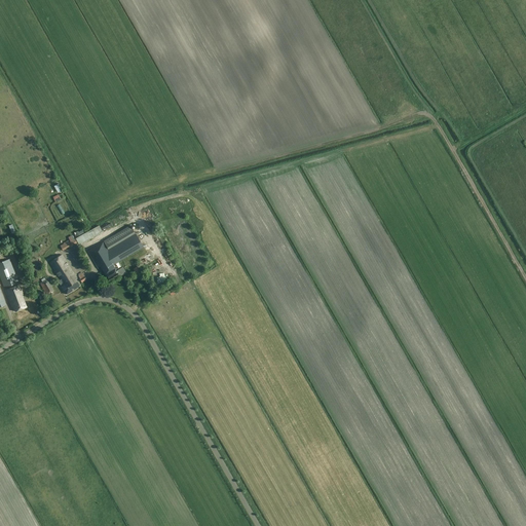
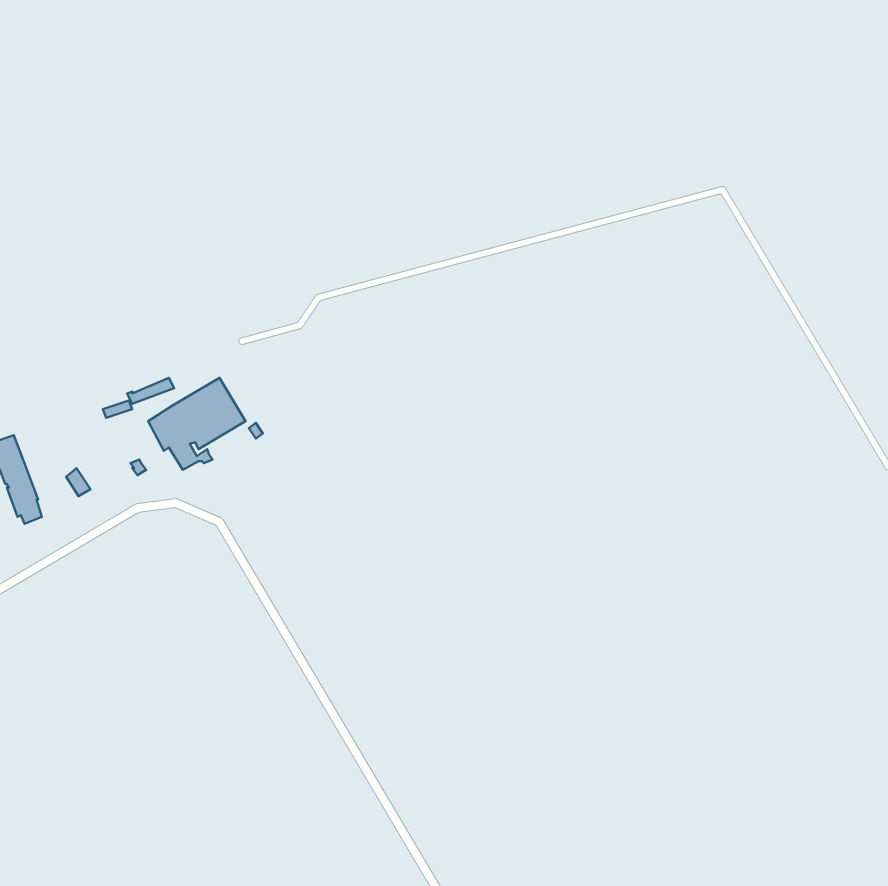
building: [49,253,79,293] -> none

